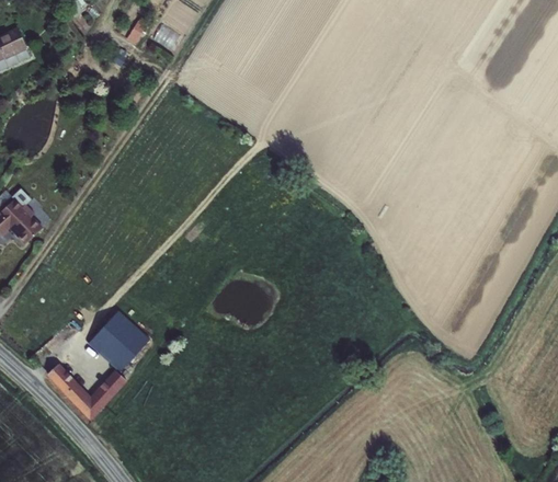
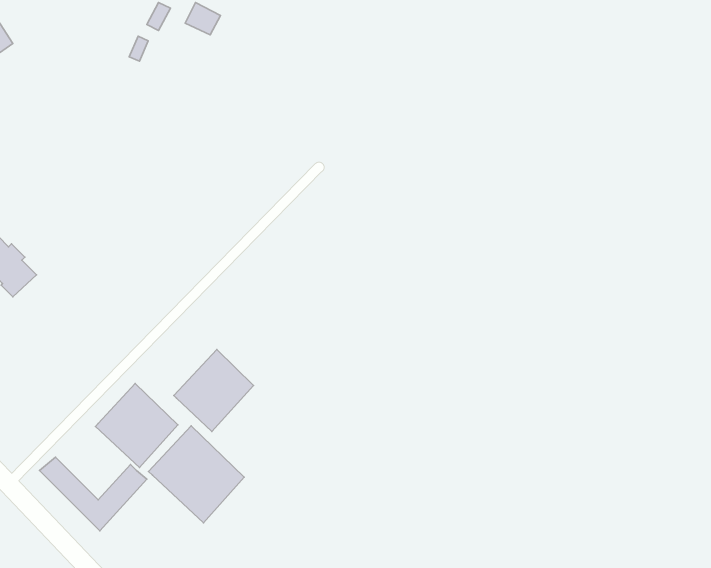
building: none -> [174,349,253,431]
building: none -> [149,426,244,523]

